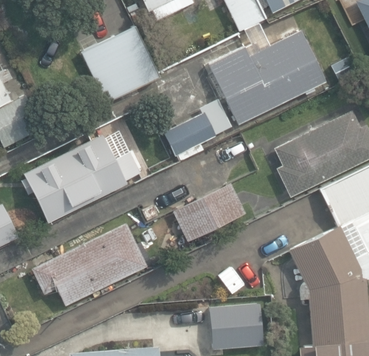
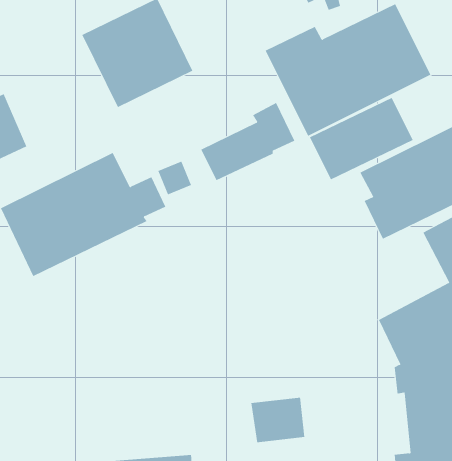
building: [173,184,246,242] -> [309,97,414,180]
building: [31,223,147,306] -> none

